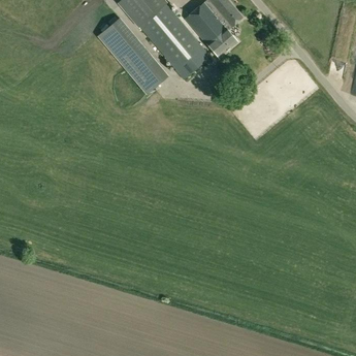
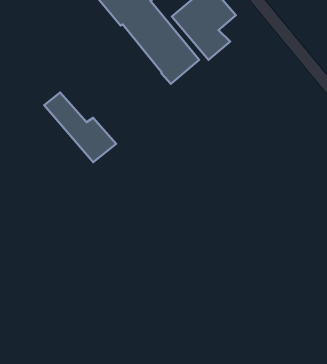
building: [103,27,168,90] -> [44,93,116,162]

